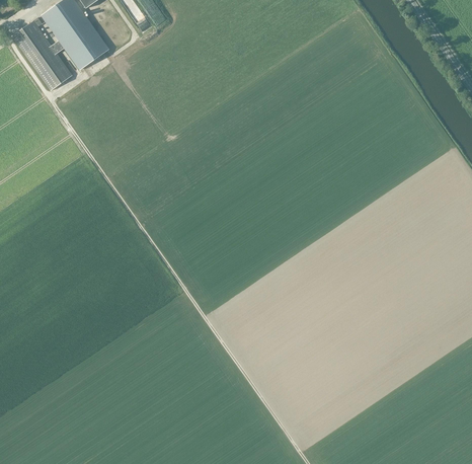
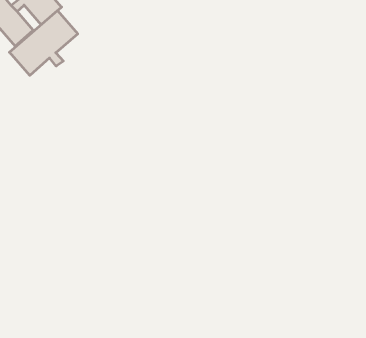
building: none -> [9,11,78,75]

